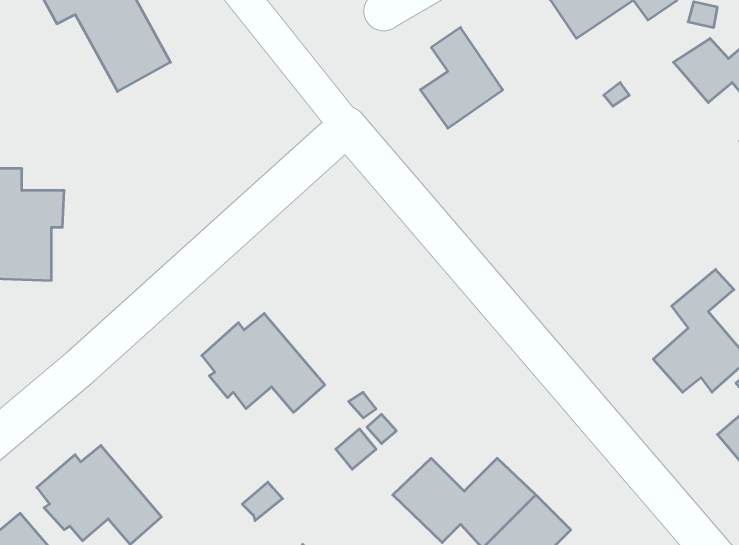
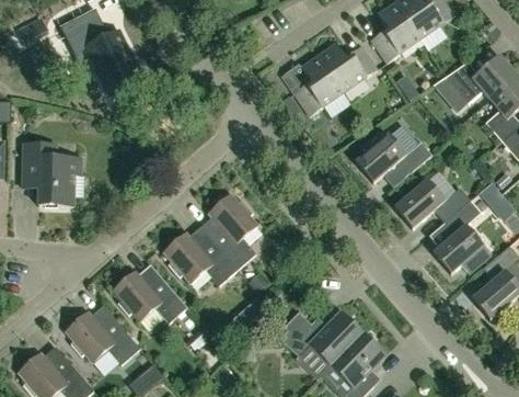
building: none -> [318,44,377,92]
building: none -> [355,131,431,182]
building: none -> [394,180,470,228]
building: none -> [200,193,257,269]
building: none -> [112,264,187,324]

